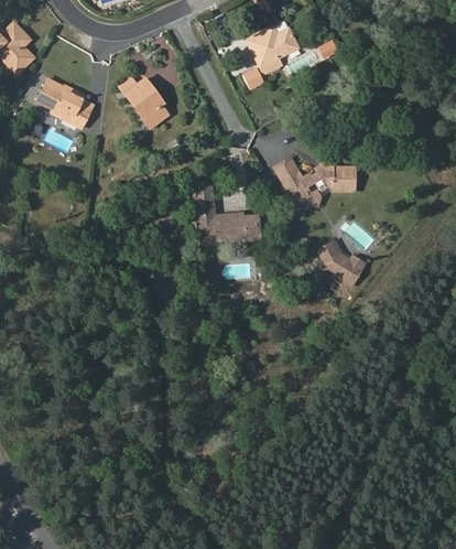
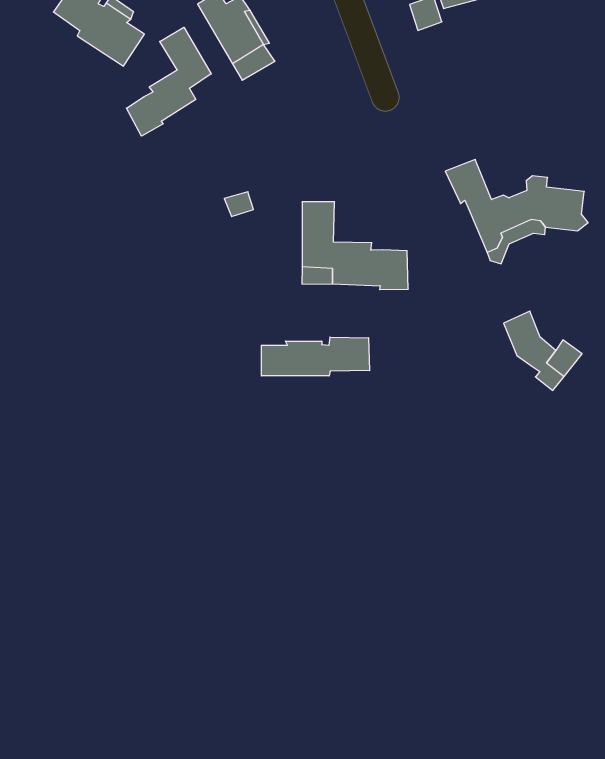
building: none -> [126,27,211,136]
building: none -> [261,337,370,376]

